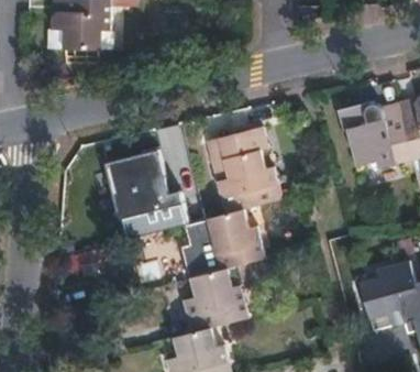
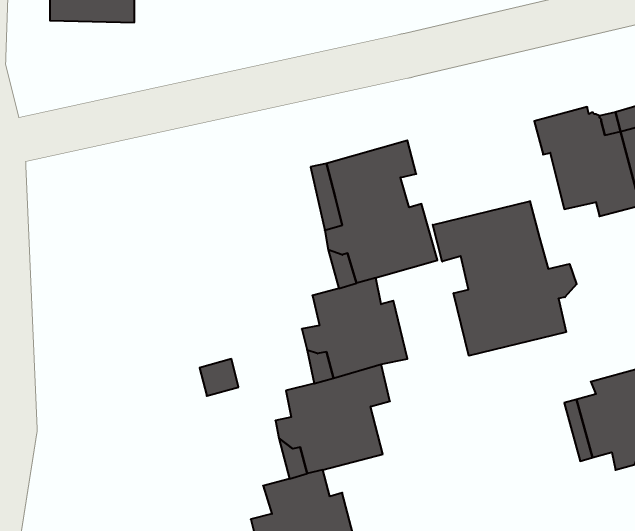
building: [109,145,187,237] -> none
building: none -> [433,201,577,356]

